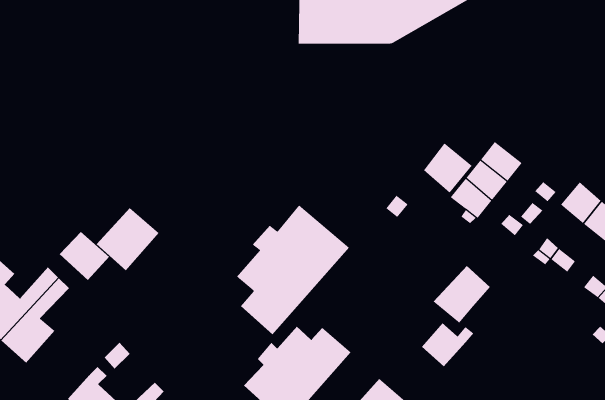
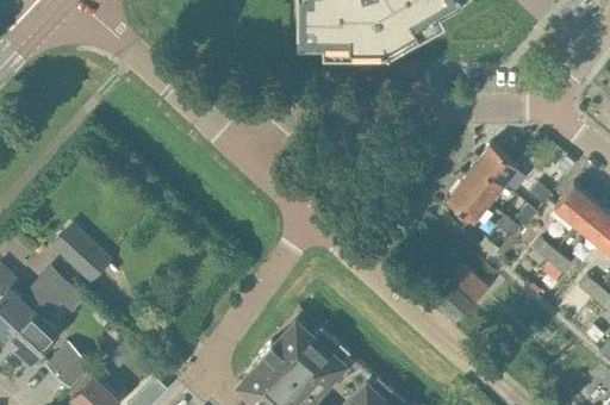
building: [423,143,472,193] -> none
building: [236,205,350,335] -> none
building: [96,207,160,271] -> none
building: [421,323,474,367] -> none
building: none -> [48,348,89,388]

